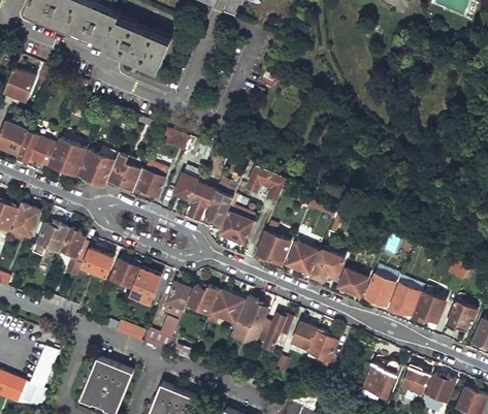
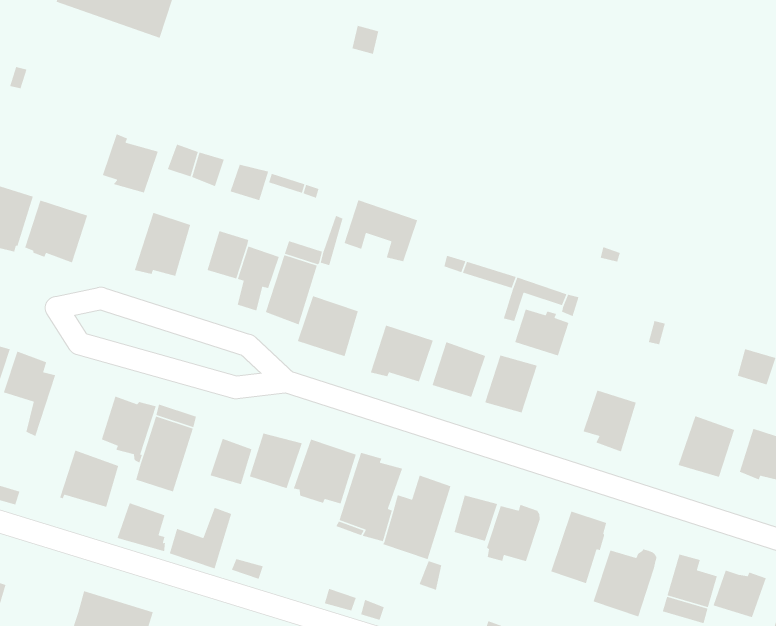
building: [110,157,141,190] -> [102,133,159,194]
building: [82,245,115,277] -> [59,450,119,508]
building: [337,269,367,296] -> [514,308,569,357]
building: [388,283,419,317] -> none
building: none -> [550,510,607,584]

